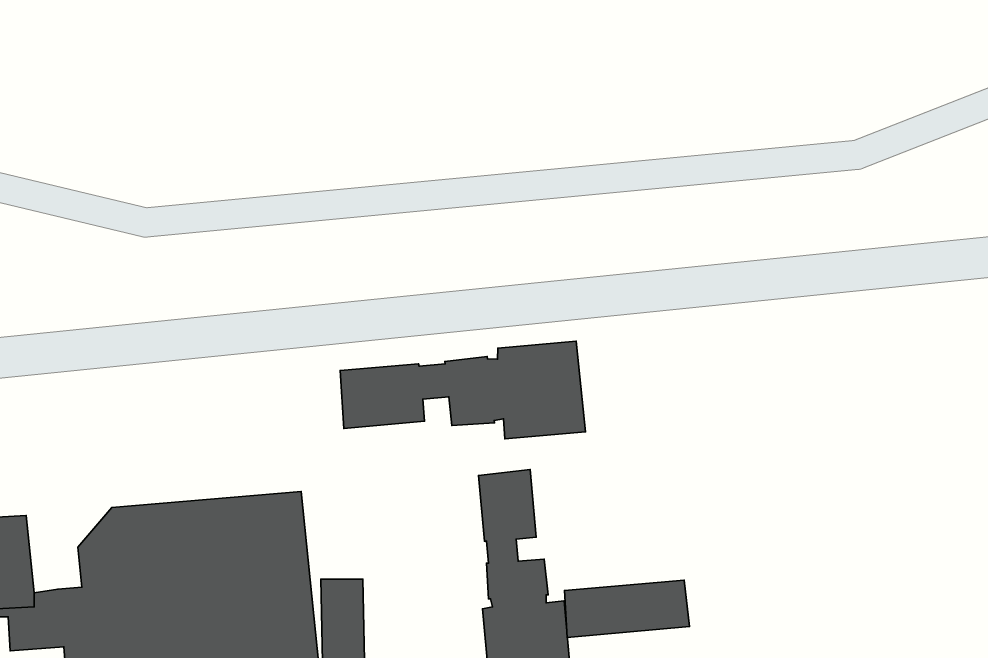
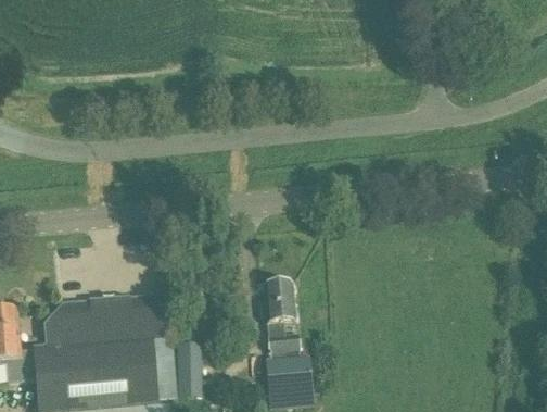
building: [340,341,586,439] -> none
building: [565,580,689,637] -> none

